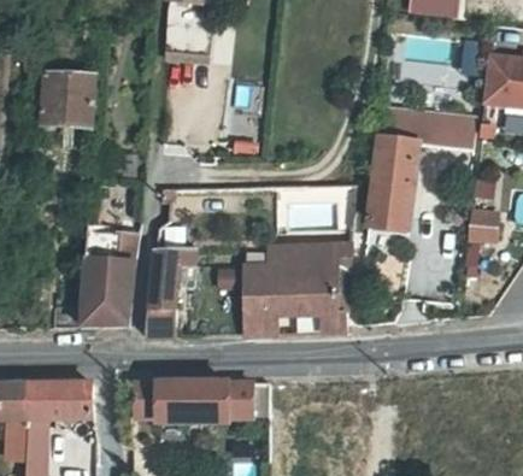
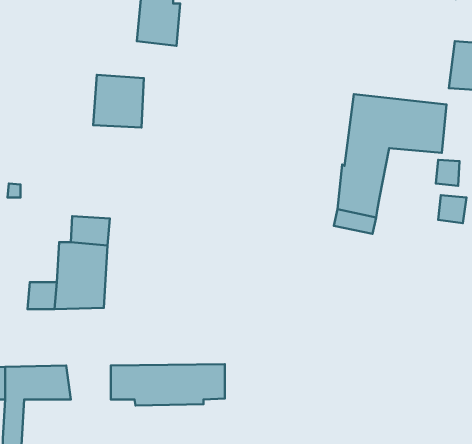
building: [41,69,93,123] -> [93,75,144,128]
building: [241,243,351,334] -> none
building: [143,246,194,336] -> none

